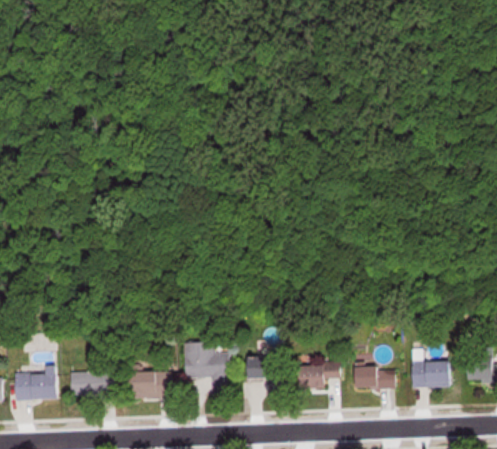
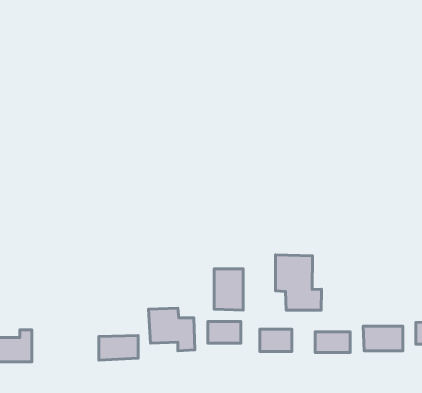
building: none -> [275,255,321,310]
building: none -> [214,269,243,310]
building: [68,372,113,398] -> none

